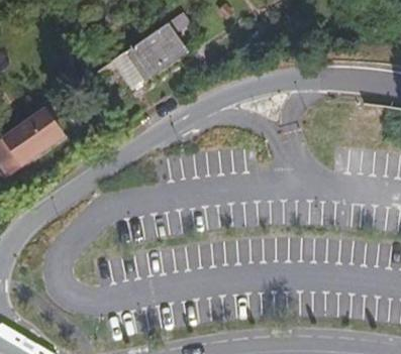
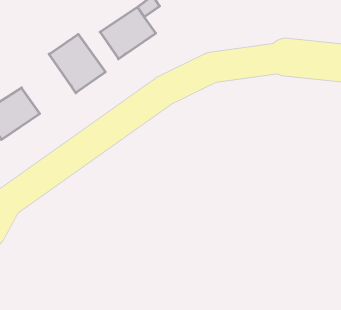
building: none -> [49,34,105,93]

